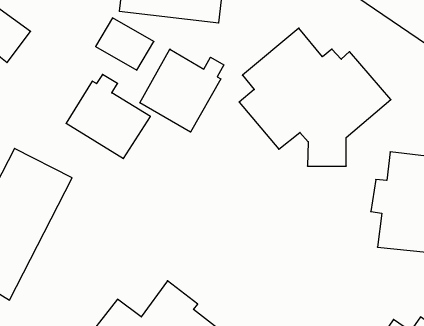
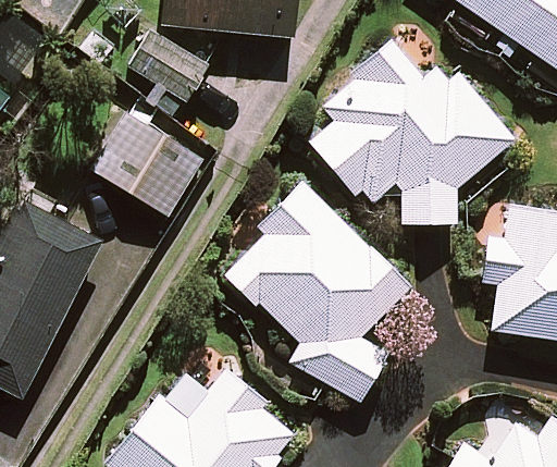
building: [140,49,224,132] -> none
building: none -> [231,184,407,396]

